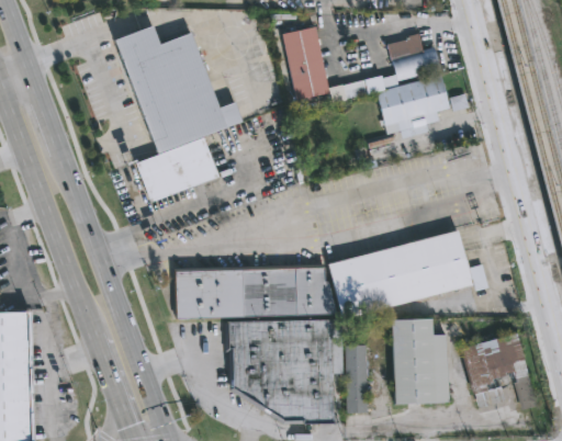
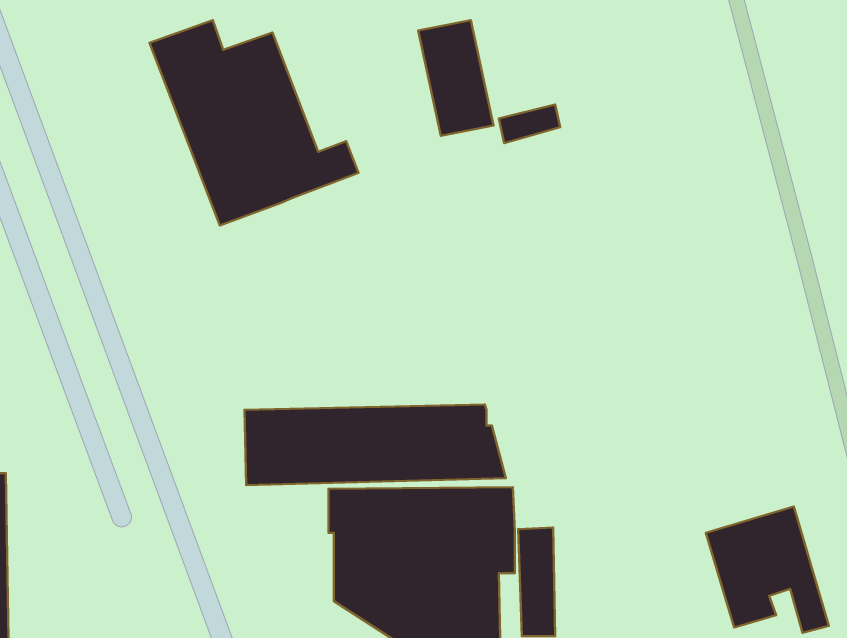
building: [376,33,451,136] -> none
building: [136,137,220,201] -> none
building: [328,227,491,318] -> none
building: [391,316,449,402] -> none

